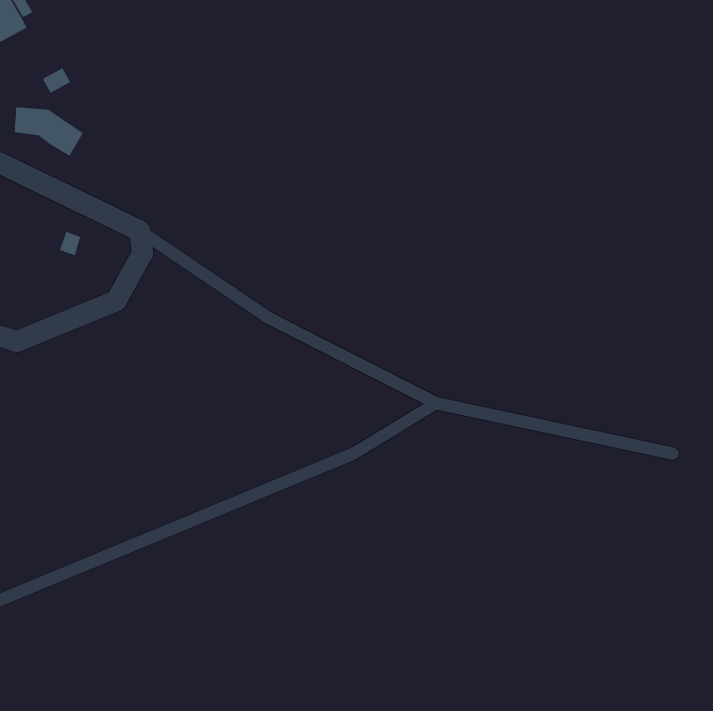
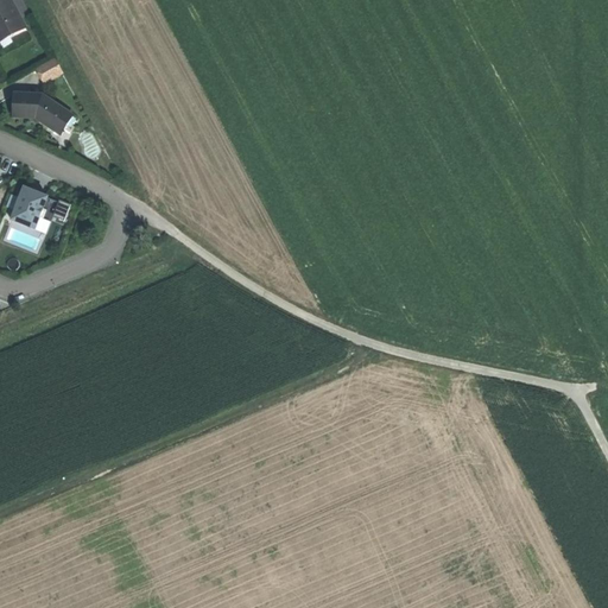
building: none -> [11,185,48,227]

